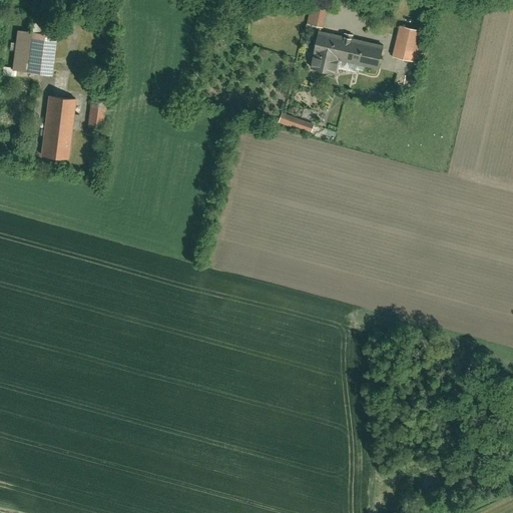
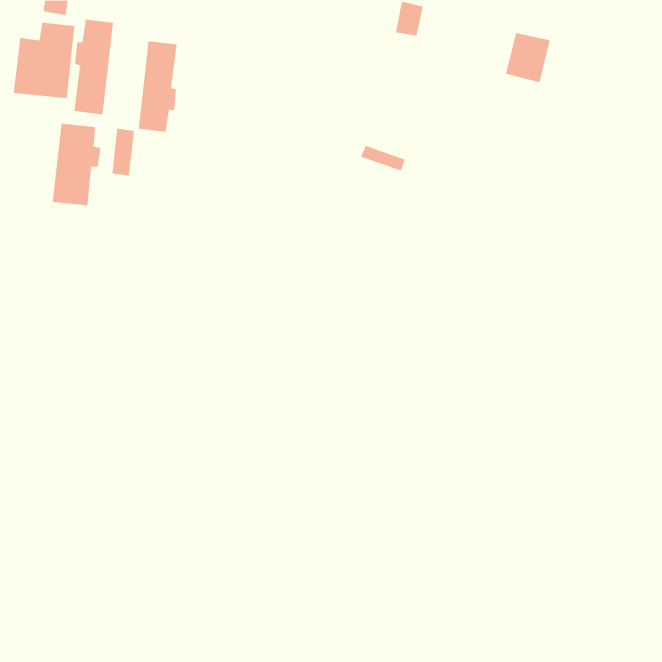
building: none -> [74,19,113,115]
building: [309,30,383,75] -> none
building: none -> [138,40,177,132]

